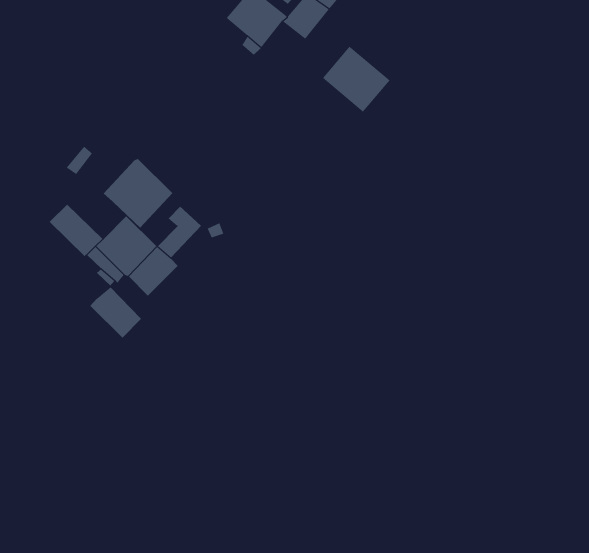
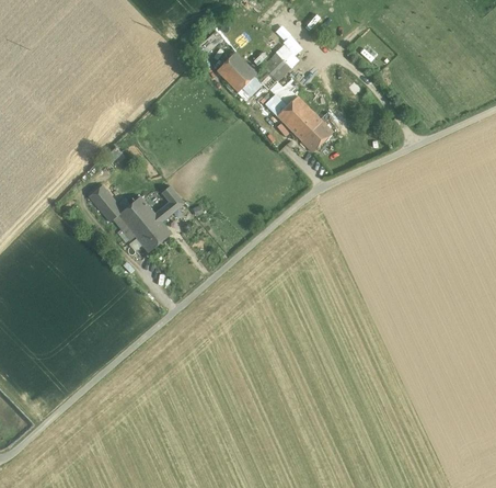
building: none -> [301,120,332,150]
building: [103,158,173,229] -> none
building: [90,286,142,338] -> none

